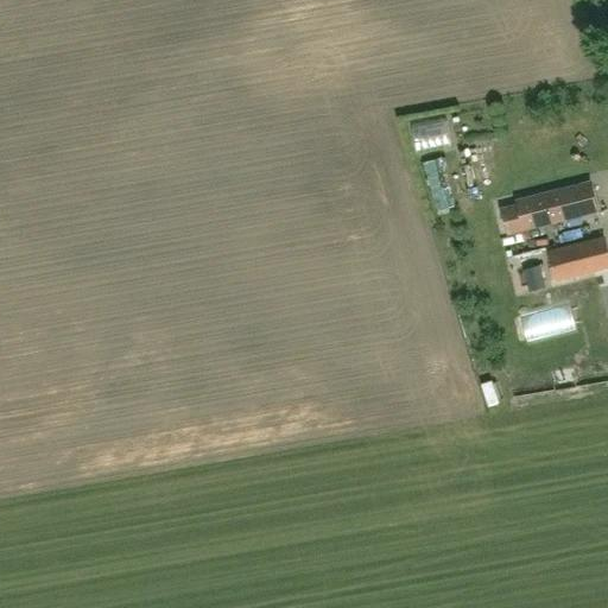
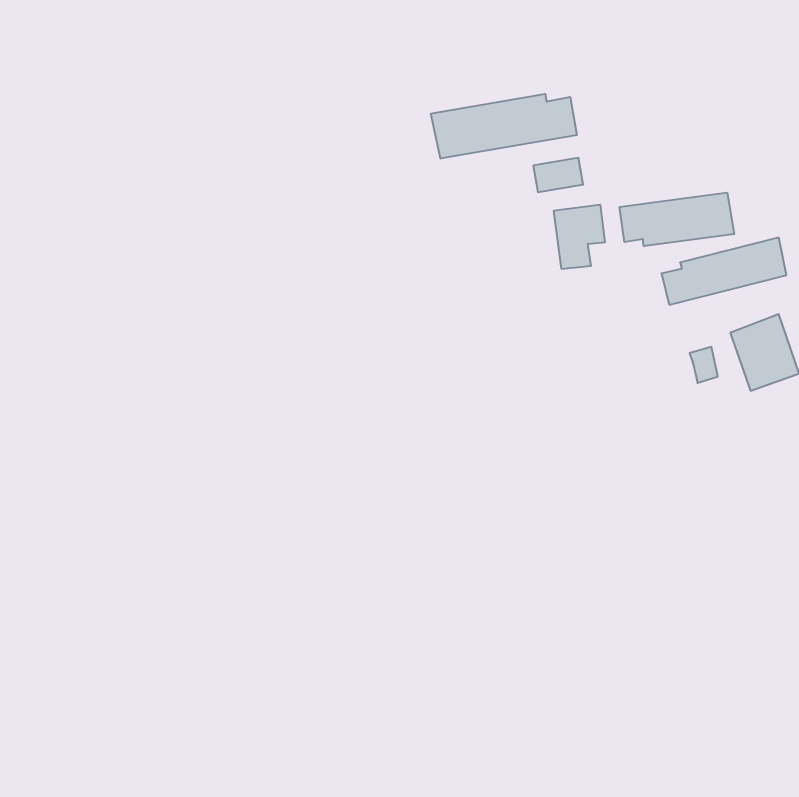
building: none -> [431,94,577,159]
building: none -> [620,193,734,246]

